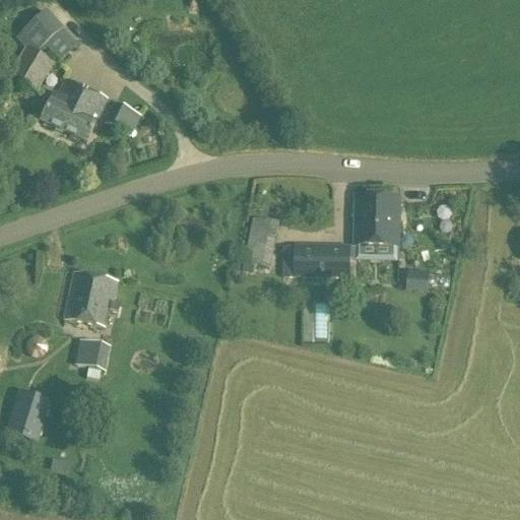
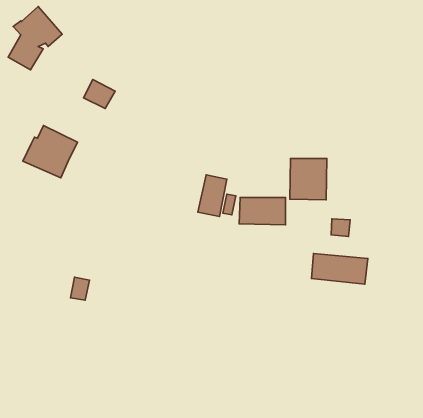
building: [40,75,107,139] -> [23,126,77,178]
building: [65,271,118,324] -> none
building: none -> [312,253,368,284]
building: [4,387,50,441] -> none

